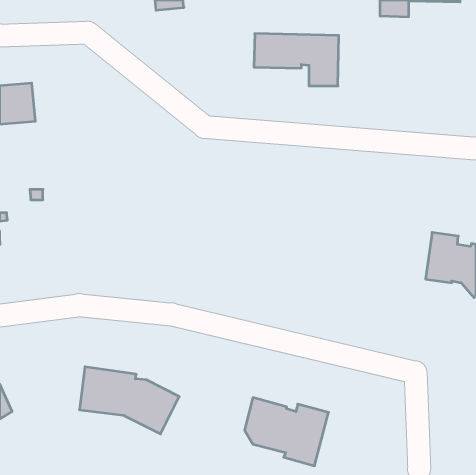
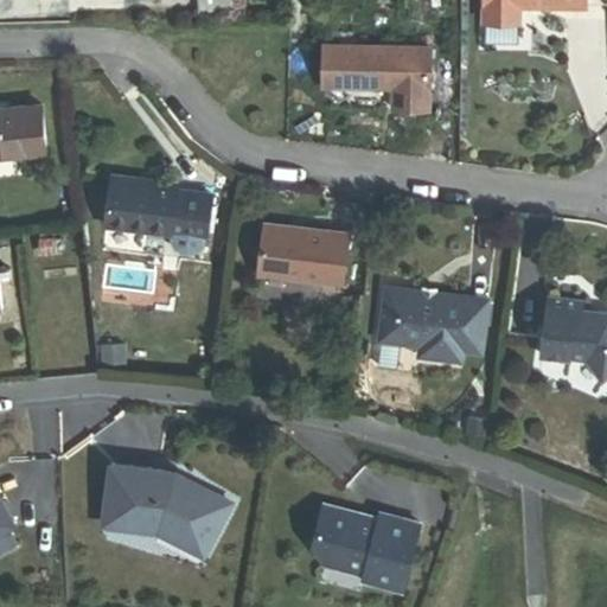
building: none -> [106,175,211,237]
building: none -> [258,224,347,286]
building: none -> [381,289,486,363]

